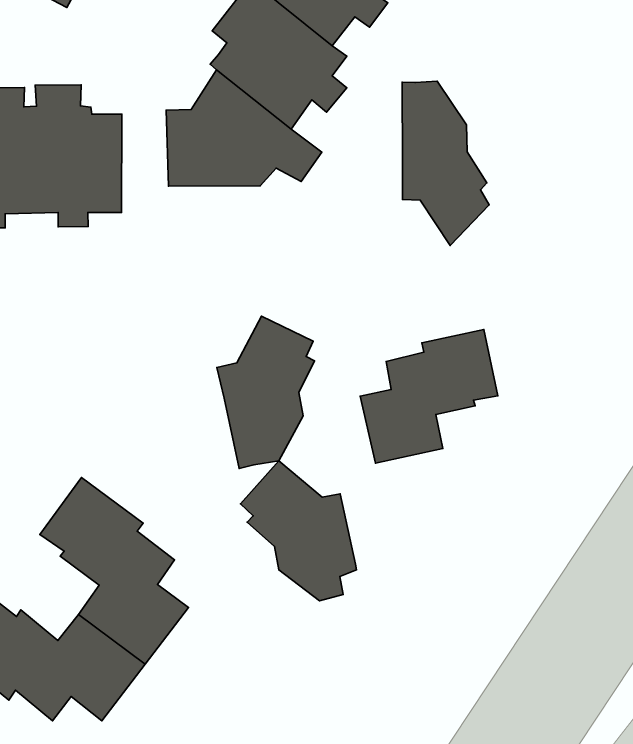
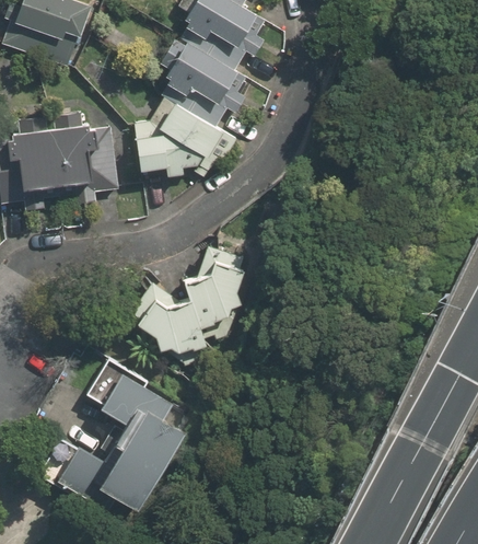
building: [402,81,489,246] -> none
building: [360,329,498,463] -> none
building: [241,461,357,601] -> [130,282,207,367]

